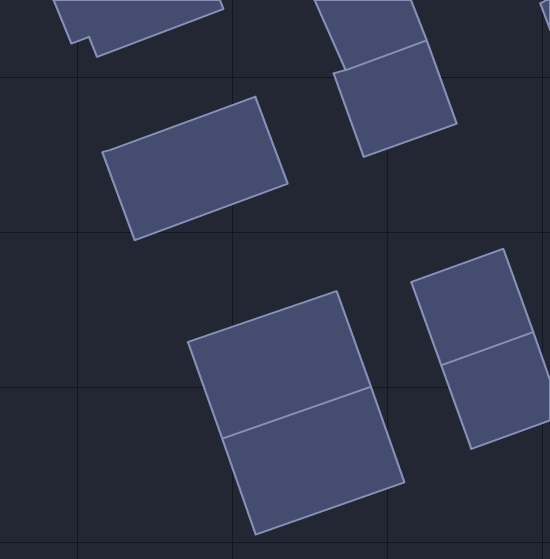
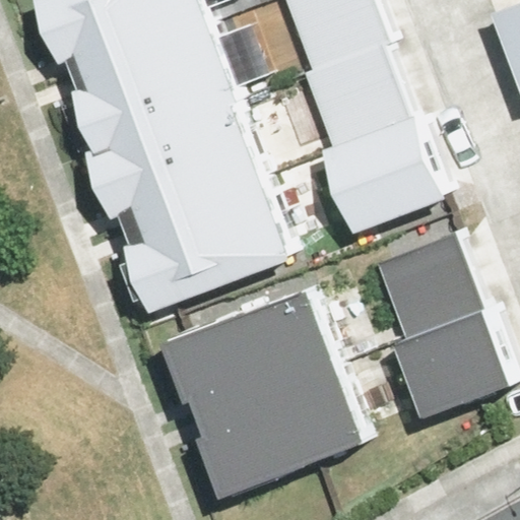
building: none -> [78,16,234,145]
building: none -> [332,121,445,226]
building: none -> [123,176,292,307]

